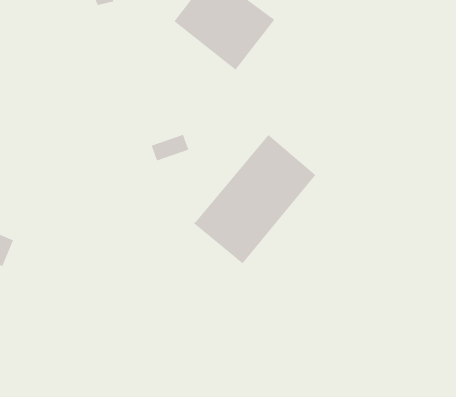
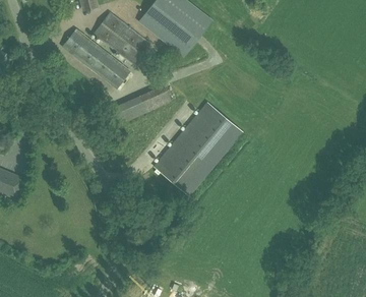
building: none -> [95,13,148,63]
building: none -> [63,29,130,87]

